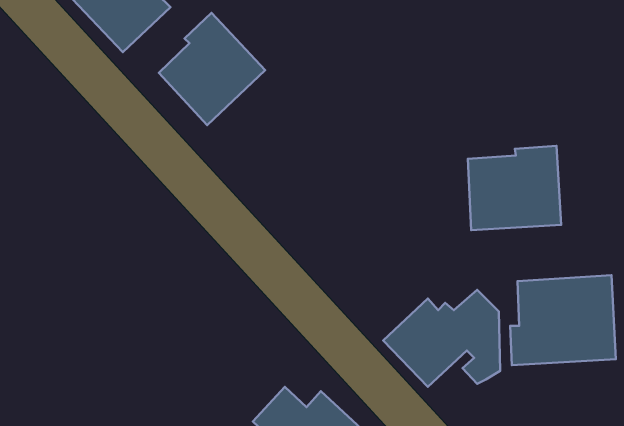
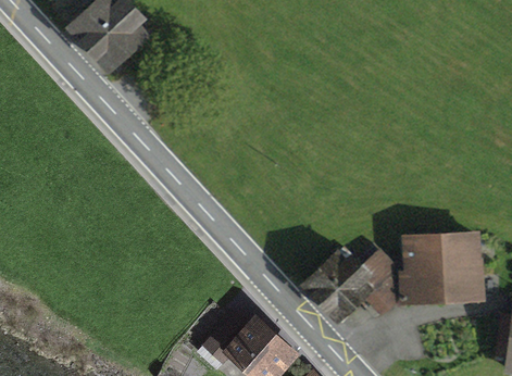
building: [159,13,265,125] -> none
building: [468,146,561,230] -> none

